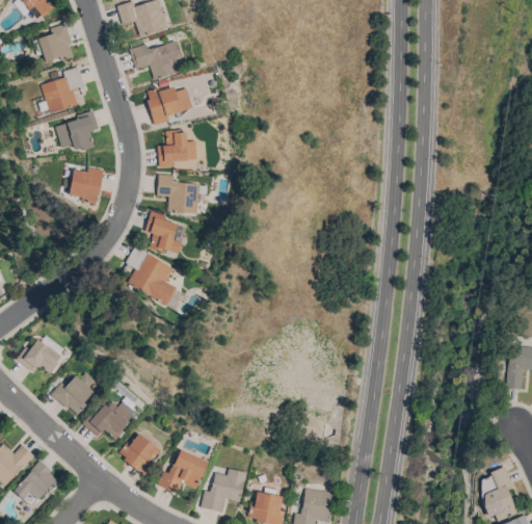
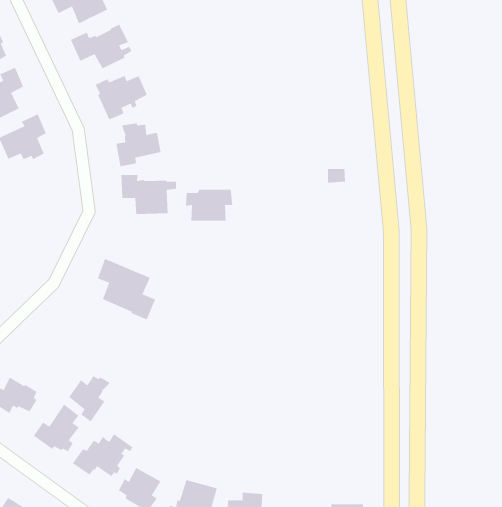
building: [70,167,104,204] -> none
building: none -> [185,189,233,222]
building: [144,211,177,252] -> none
building: none -> [68,375,110,422]

